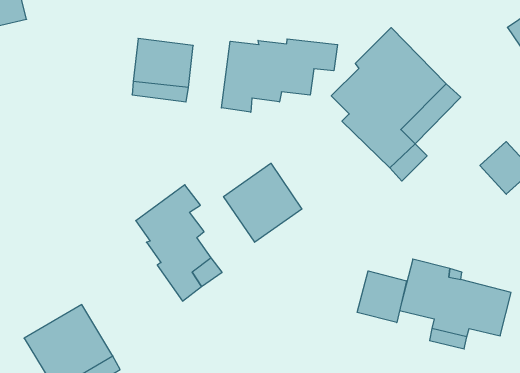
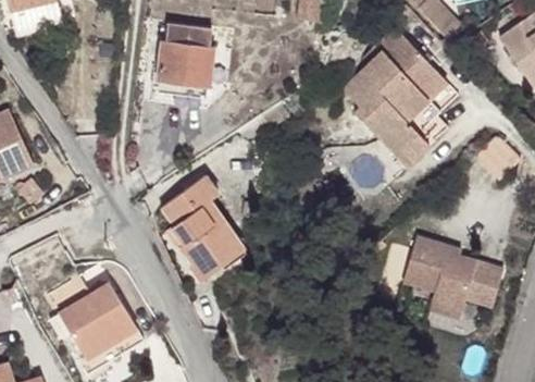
building: [221,39,338,112] -> none
building: [224,163,302,242] -> none
building: [357,271,407,323] -> none

